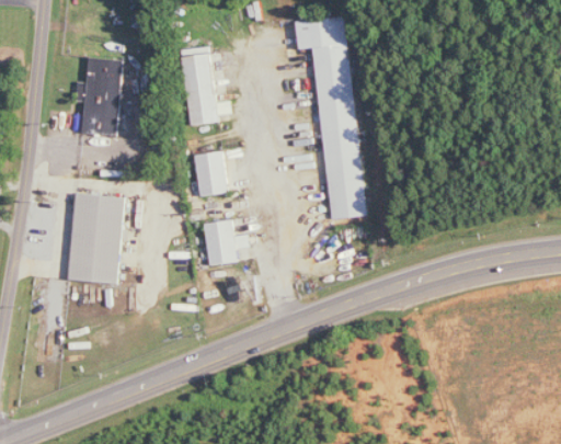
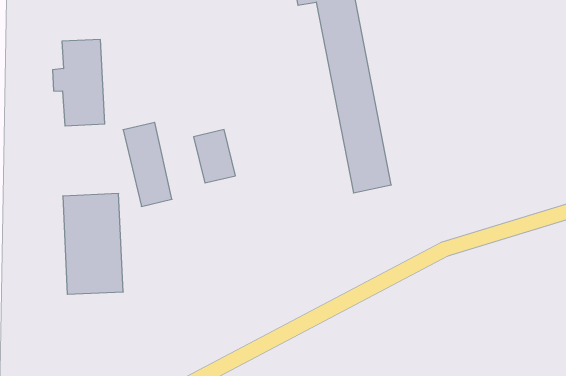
building: [181,54,217,126] -> [123,122,172,206]
building: [205,220,236,265] -> none

